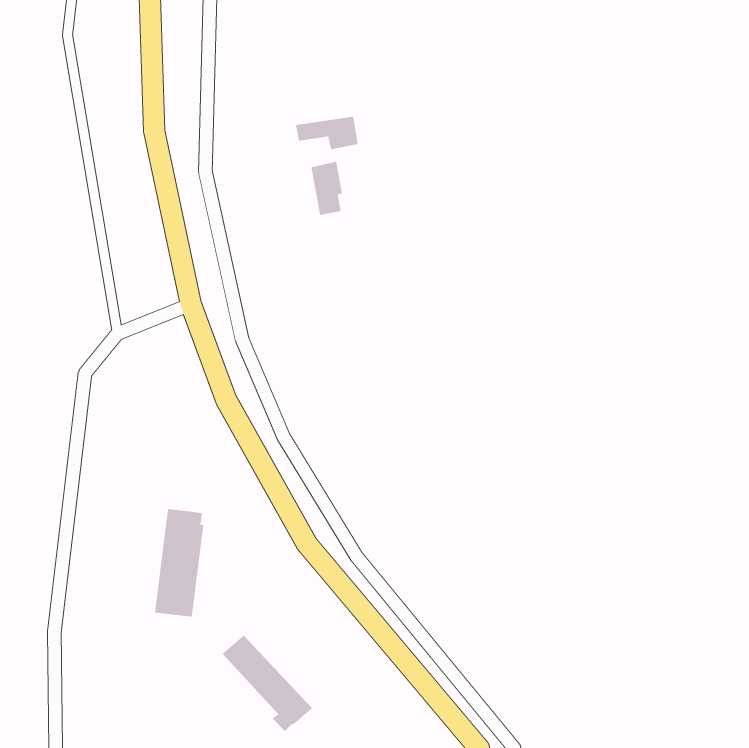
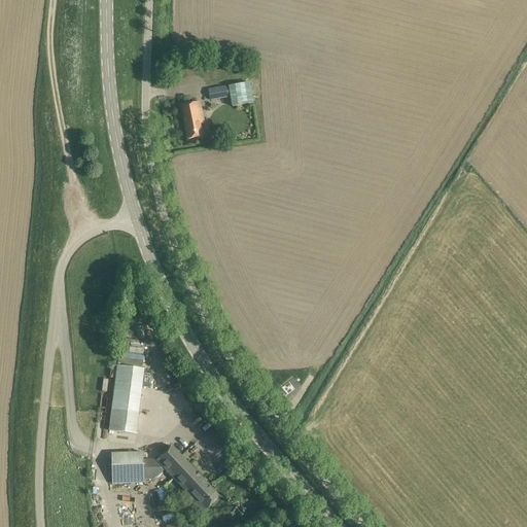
building: [311,161,343,216] -> [180,100,203,138]
building: none -> [110,451,162,482]

